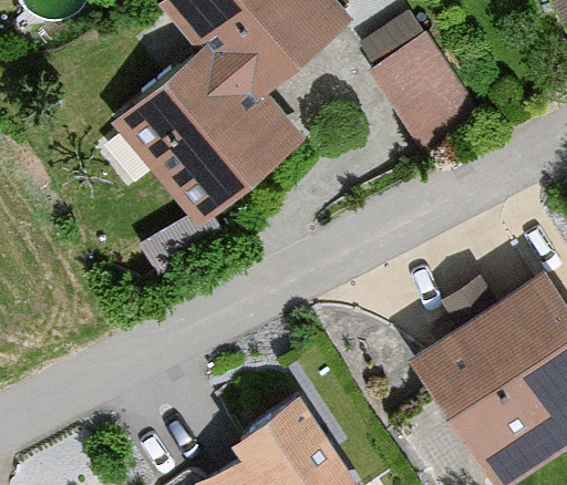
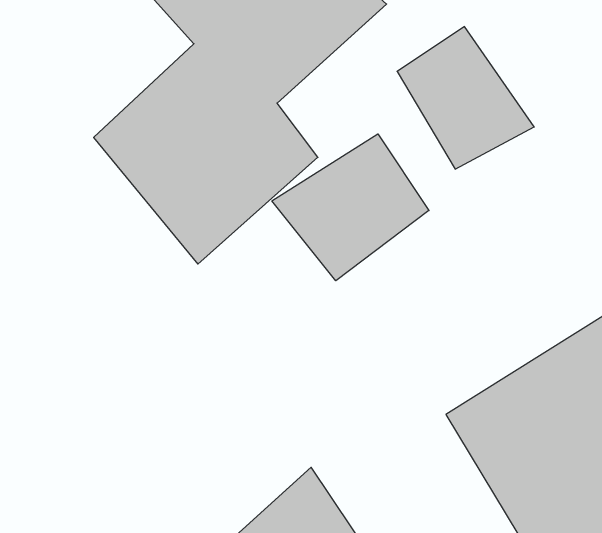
building: none -> [272,134,429,281]

